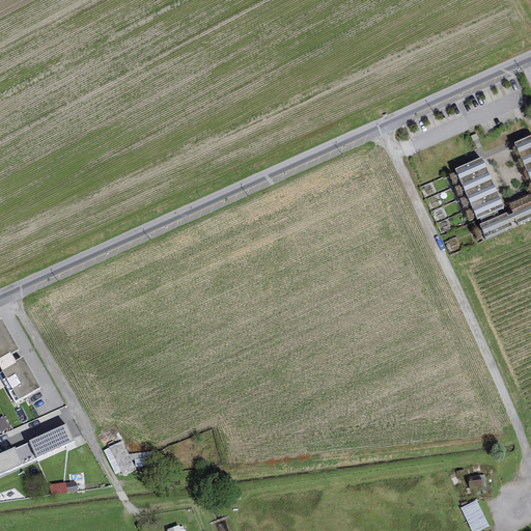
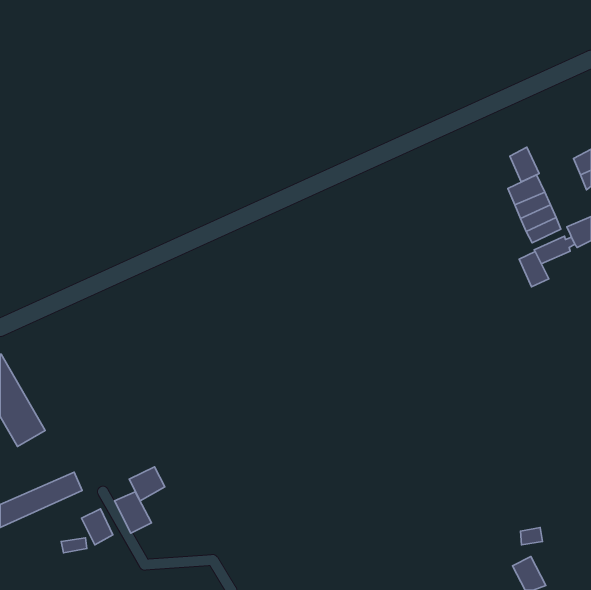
building: none -> [510,147,539,182]
building: none -> [519,251,549,287]
building: none -> [129,467,165,501]
building: none -> [81,509,113,545]

